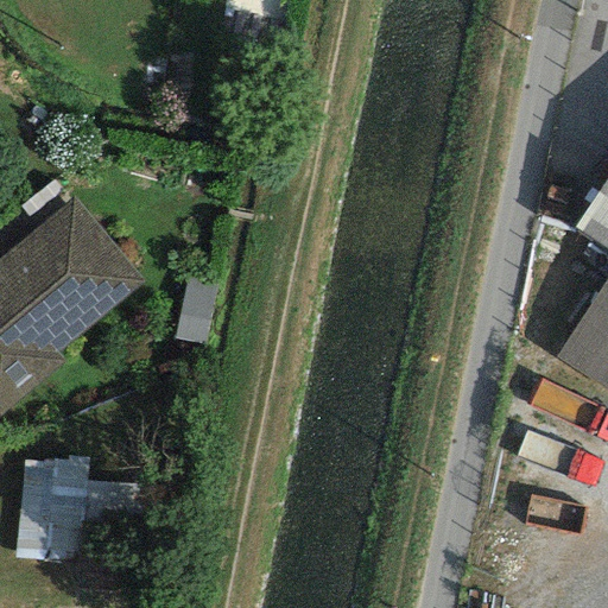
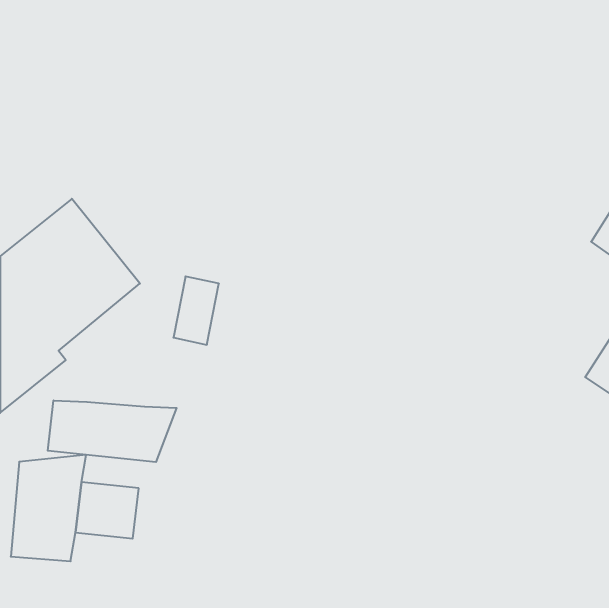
building: none -> [48,400,177,462]

